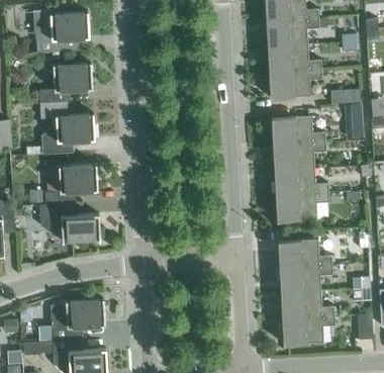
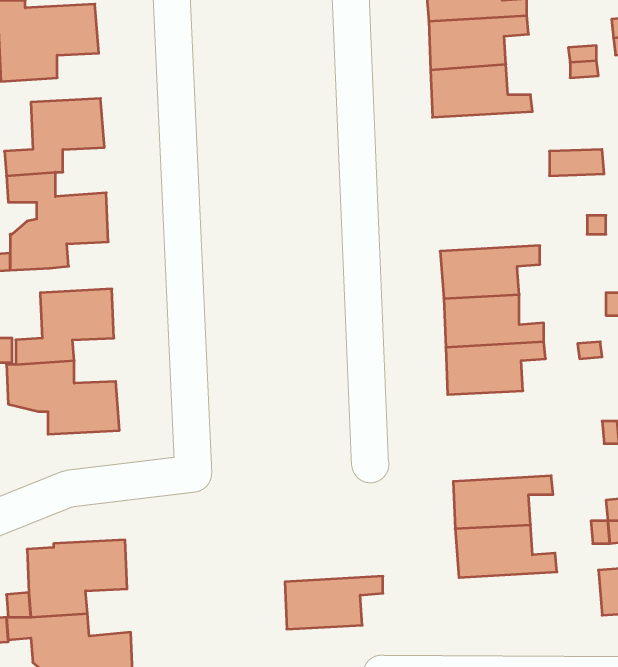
building: [268,70,321,99] -> none
building: [271,116,325,145] -> none
building: [277,240,331,268] -> none
building: [282,316,334,345] -> [285,576,383,629]

